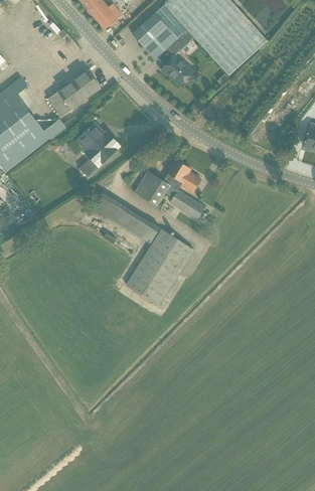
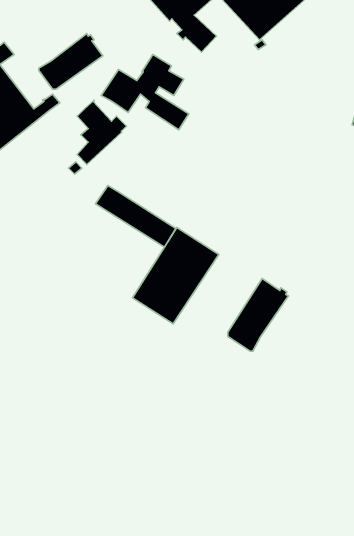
building: [134,159,205,220] -> [101,55,189,130]
building: none -> [228,279,289,351]

